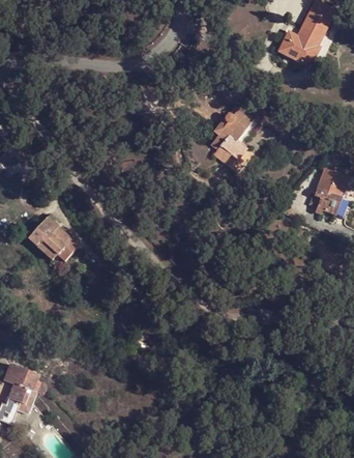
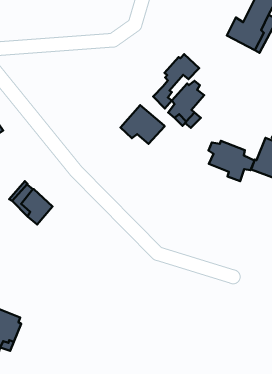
building: none -> [153,54,199,108]
building: none -> [120,105,164,144]
building: none -> [209,141,254,181]

